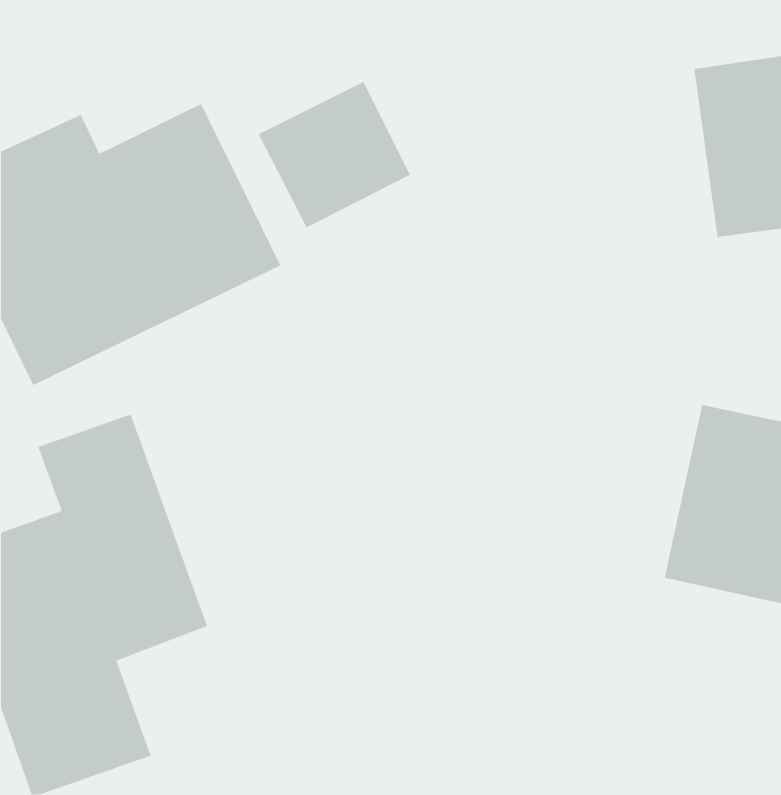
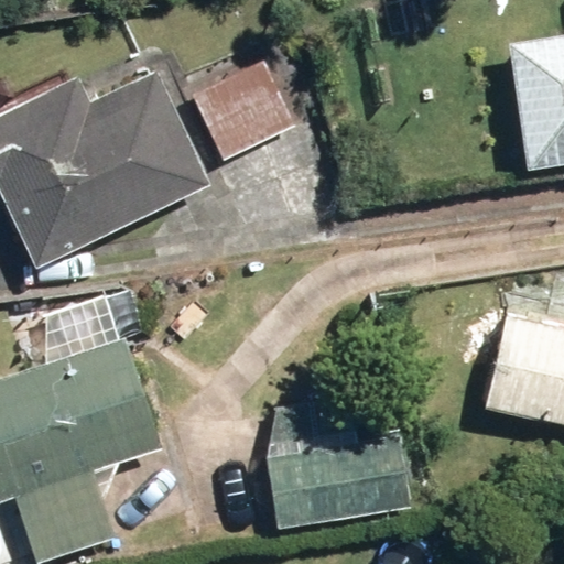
building: none -> [258,395,427,525]

